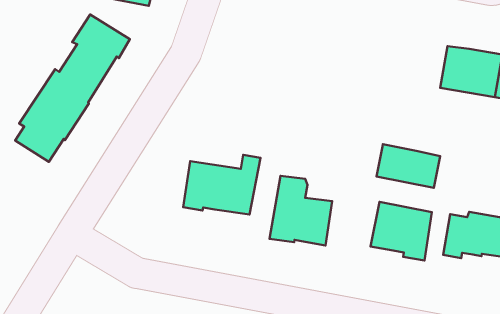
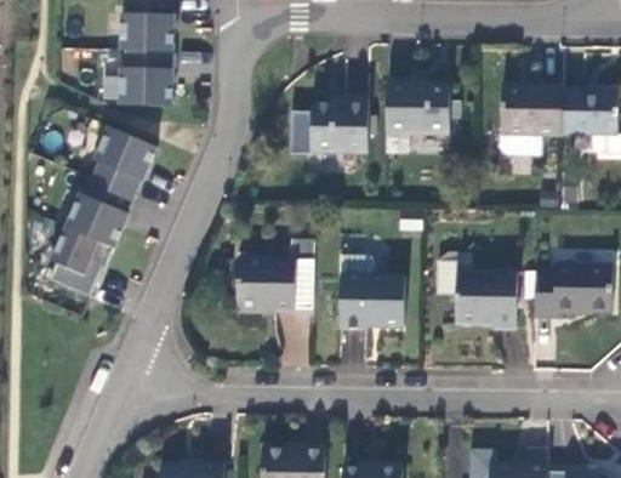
building: none -> [386,84,451,140]
building: none -> [310,99,369,155]
building: [377,144,440,188] -> none

